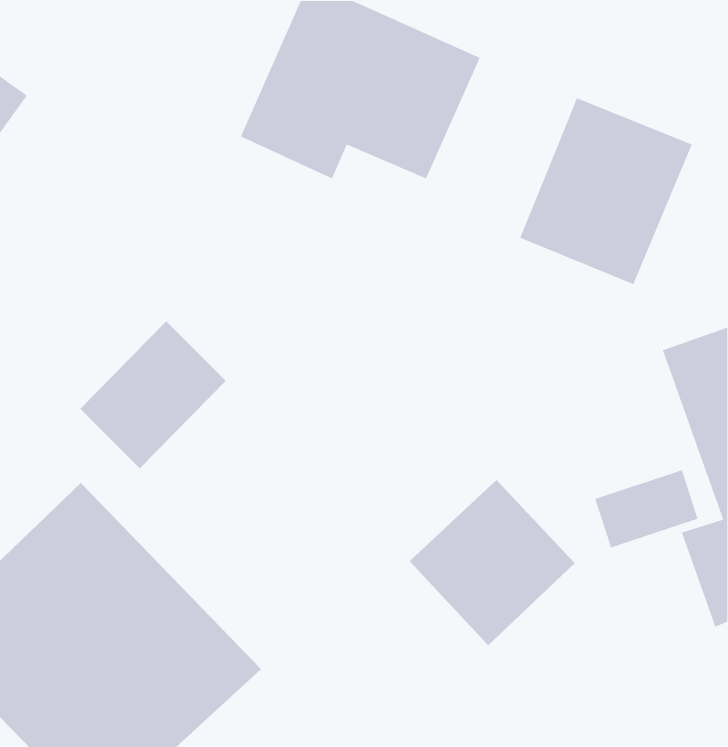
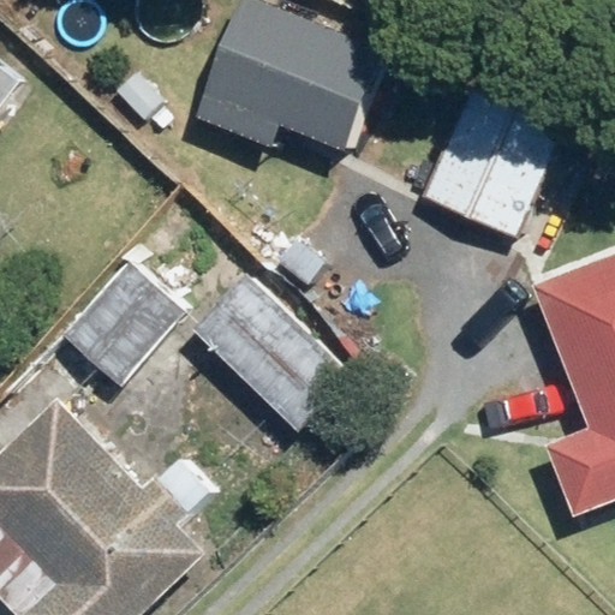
building: none -> [192,273,353,436]
building: [409,479,576,646] -> none

